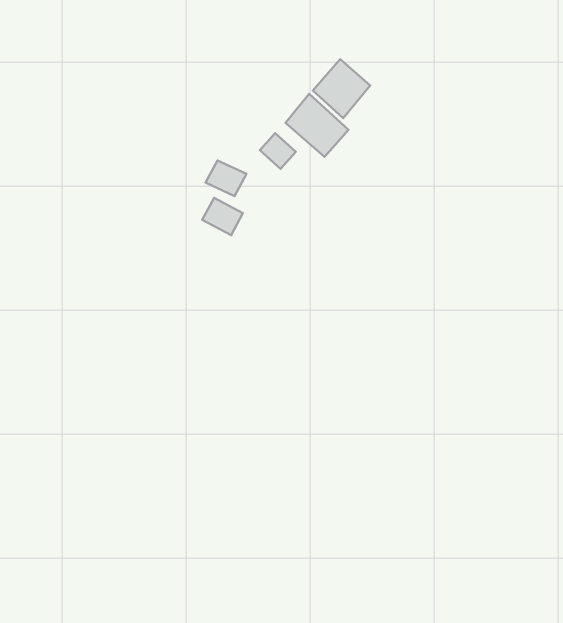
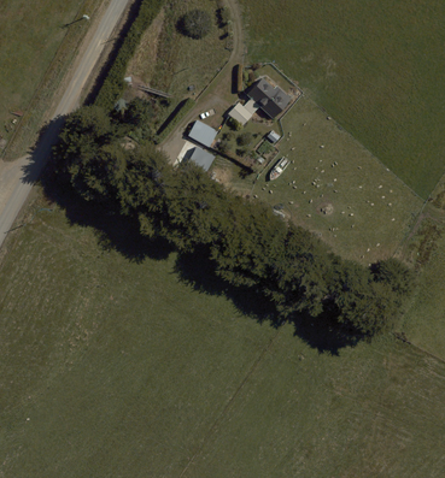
building: [313,59,370,118] -> none

